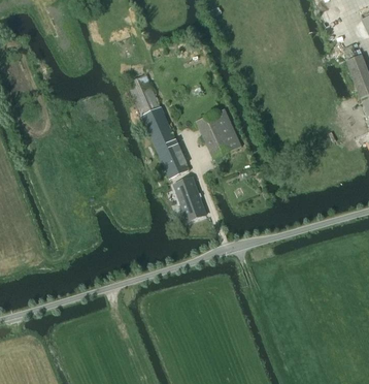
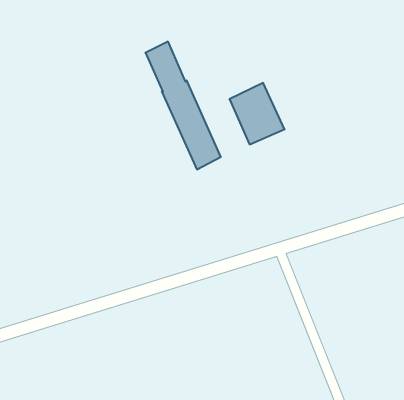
building: [173,177,205,221] -> none

